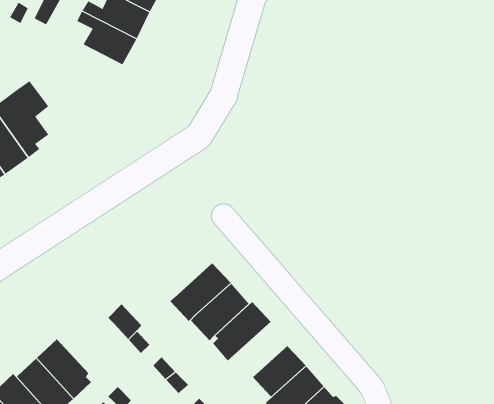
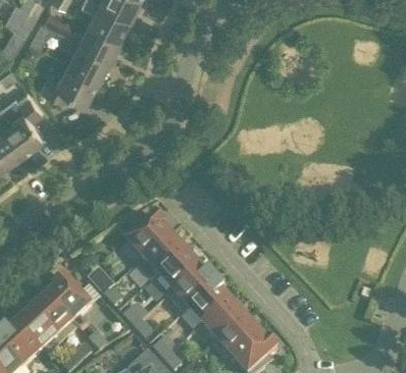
building: none -> [41,63,100,102]
building: none -> [126,216,170,261]
building: none -> [48,278,91,331]
building: none -> [183,282,233,326]

